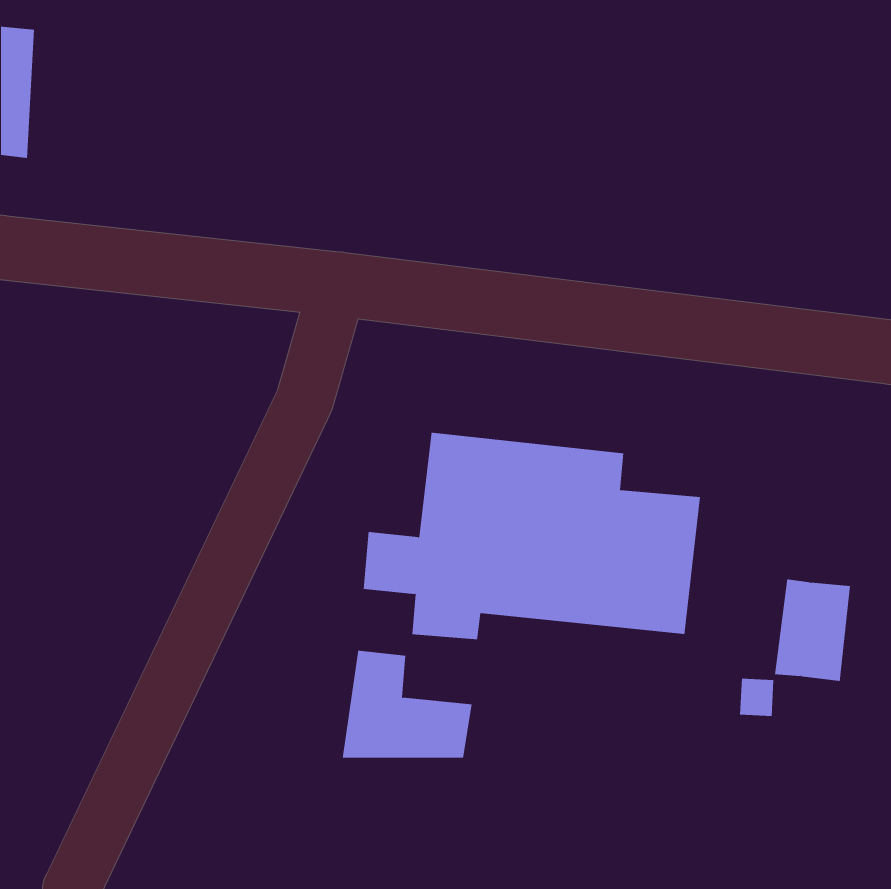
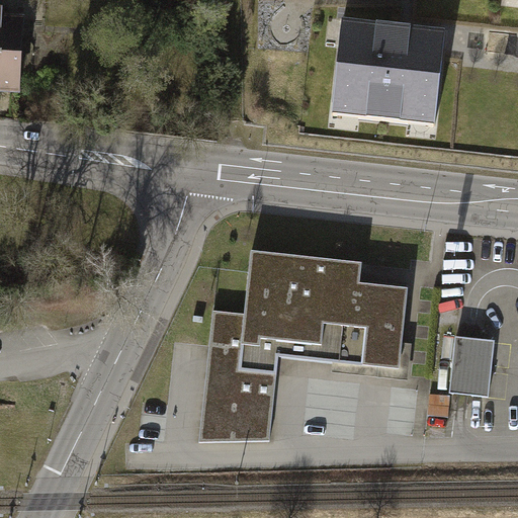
building: none -> [331,17,444,121]
building: none -> [207,342,277,409]

